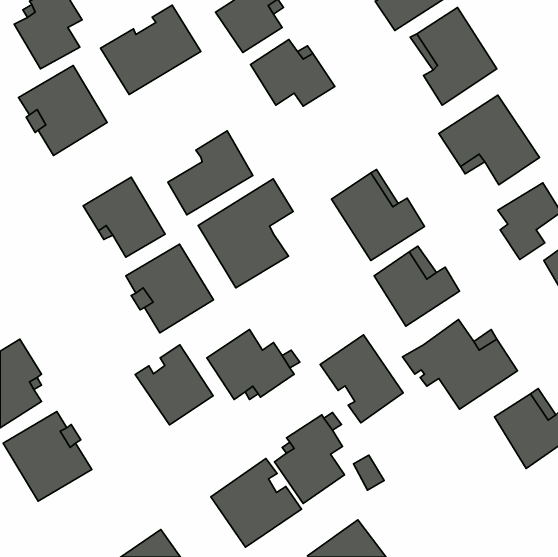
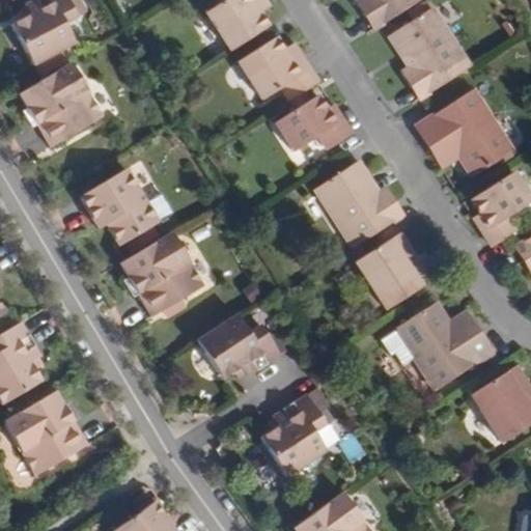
building: [101,5,201,95] -> none
building: none -> [276,94,352,150]
building: [168,131,253,215] -> none
building: [198,179,293,288] -> none
building: [320,335,403,423] -> none
building: [135,345,213,425] -> none
building: [211,458,301,547] -> none

